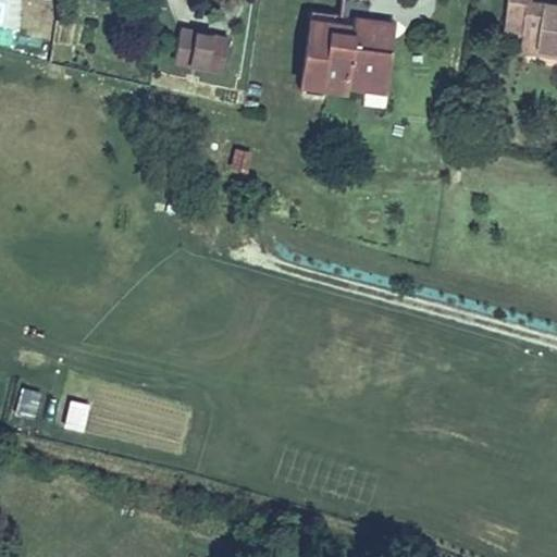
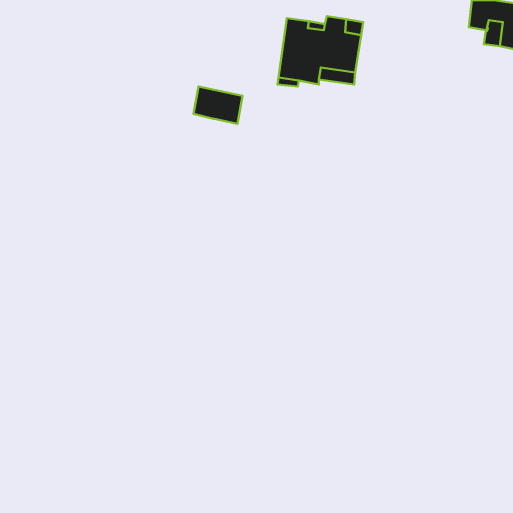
building: [175,29,228,70] -> [193,87,243,124]

